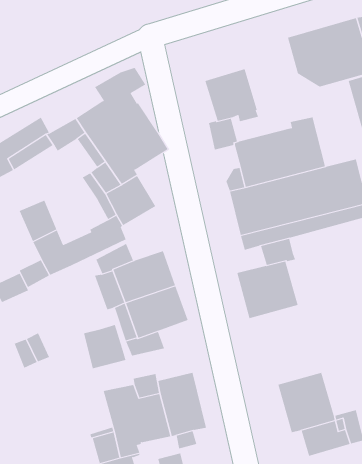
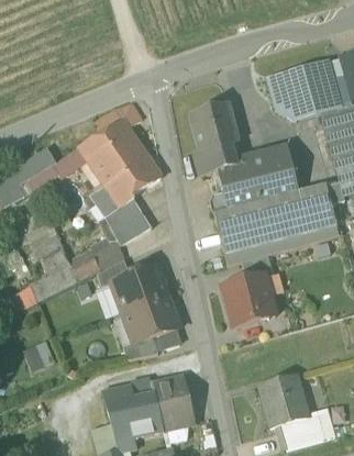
building: [83,324,126,369] -> none

